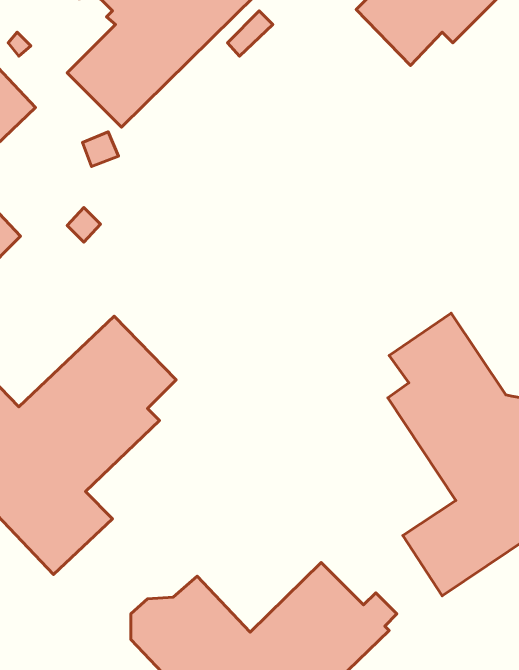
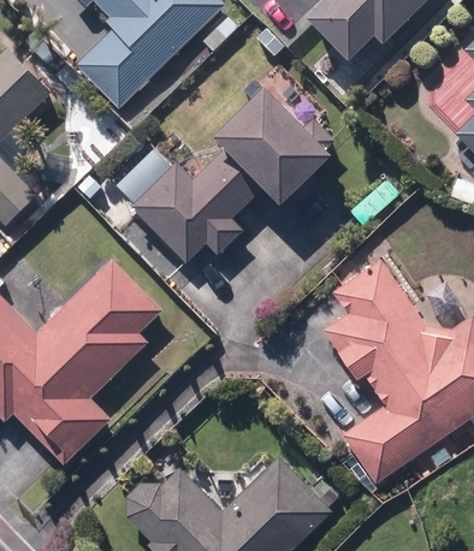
building: none -> [131,85,331,261]

